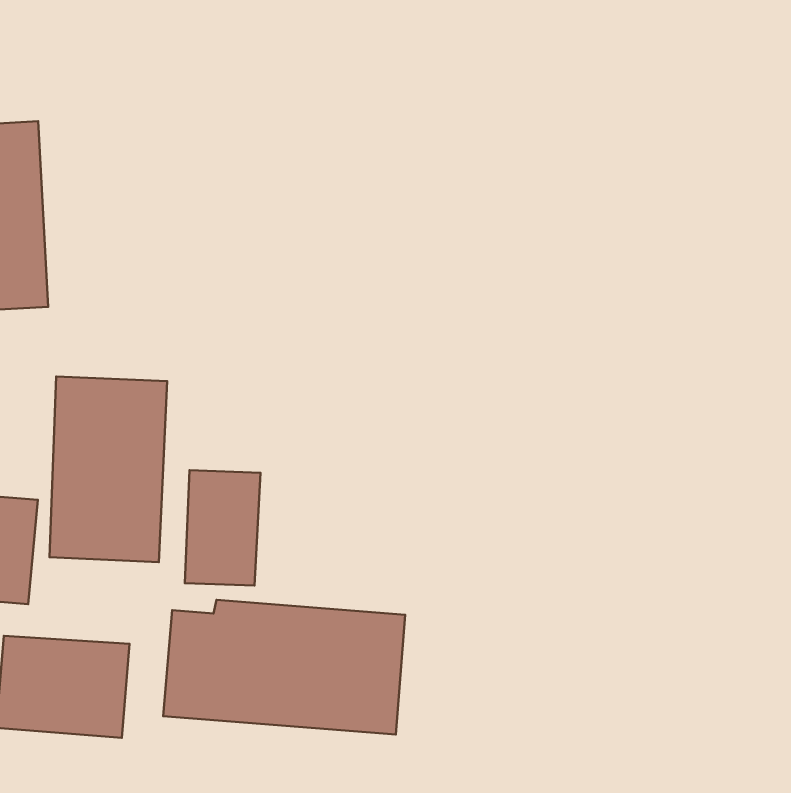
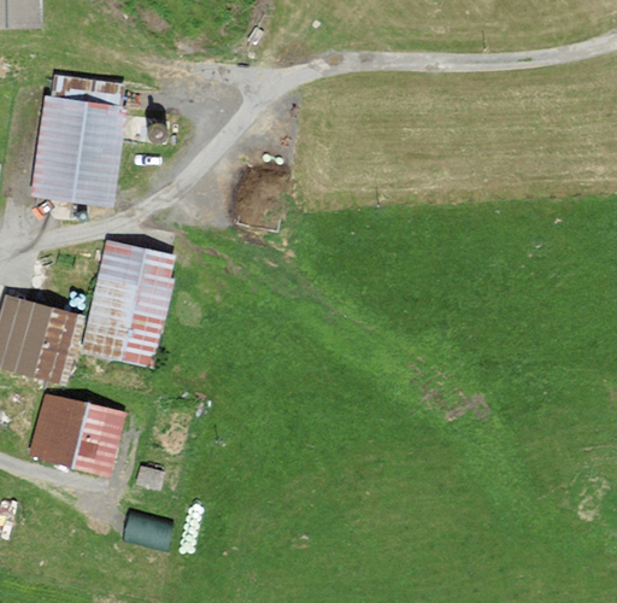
building: [185,470,261,586] -> none
building: [163,600,405,734] -> none

